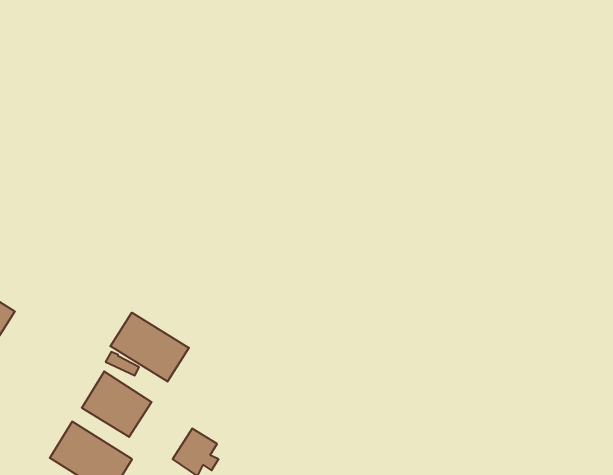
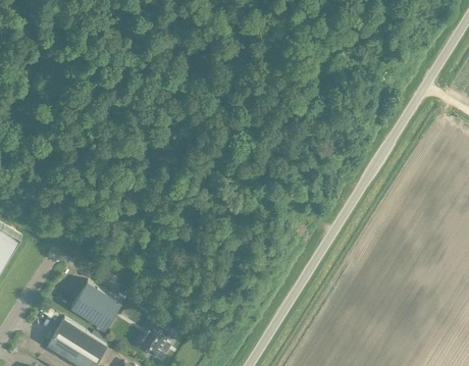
building: [110,313,189,382] -> none

